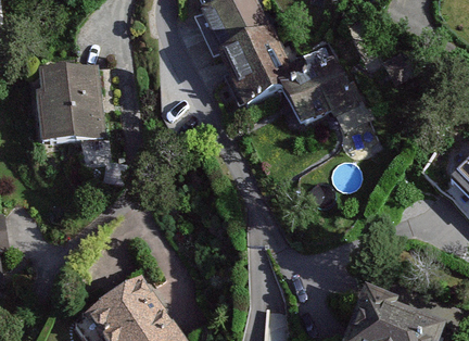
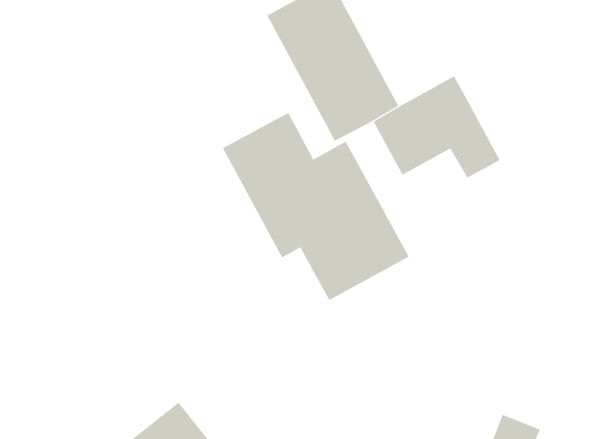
building: [33,58,97,129] -> none
building: none -> [222,112,409,301]

